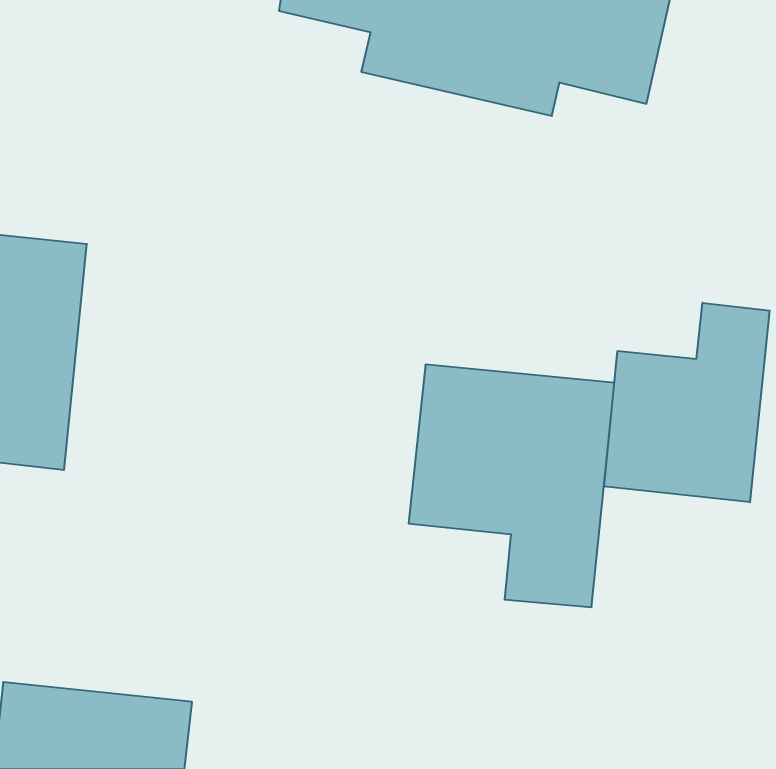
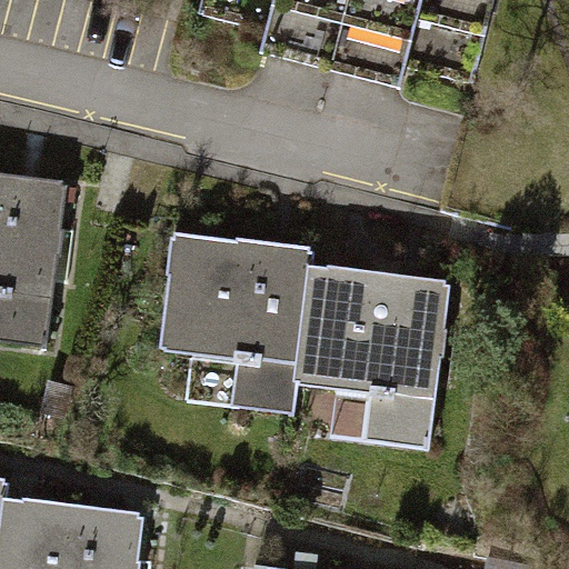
building: [604,303,770,502] -> none
building: none -> [160,231,312,413]

